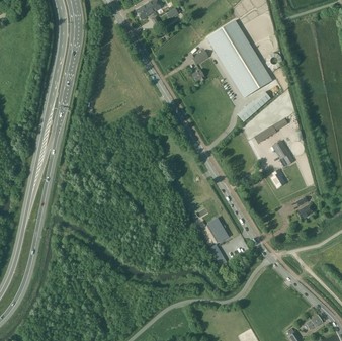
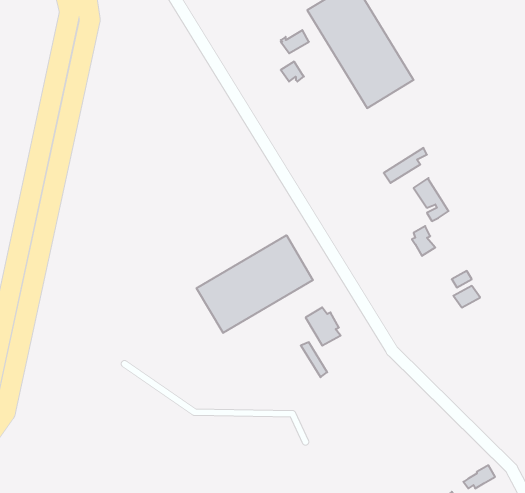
building: none -> [197,235,313,333]

